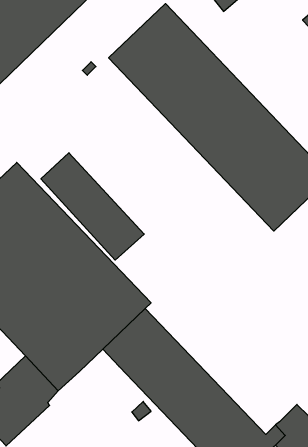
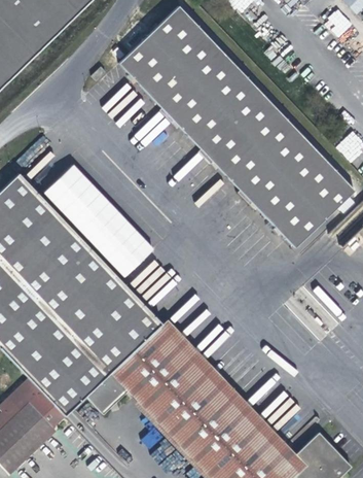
building: none -> [156,317,295,463]
building: none -> [86,372,129,414]

